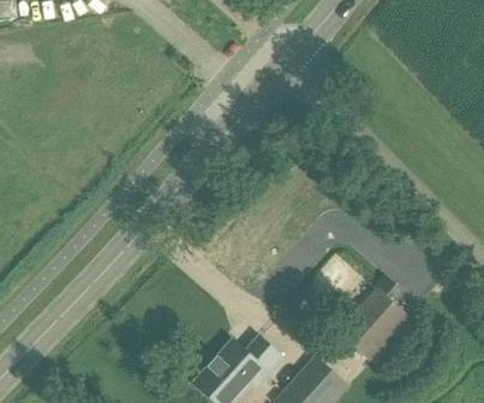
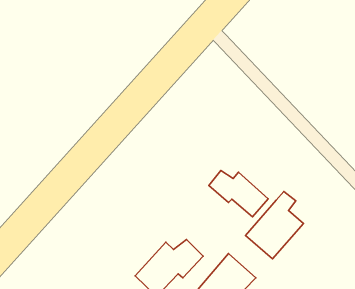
building: none -> [209,171,268,217]

